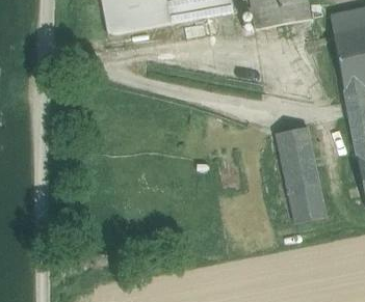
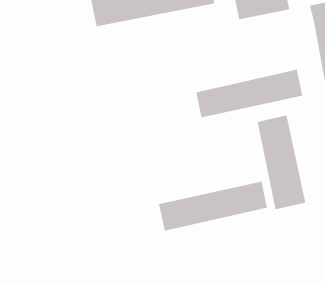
building: none -> [196,69,303,118]
building: none -> [159,181,267,232]

